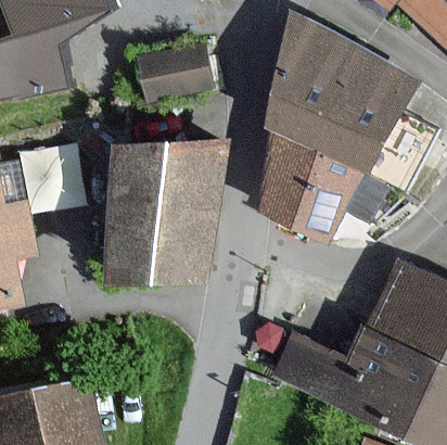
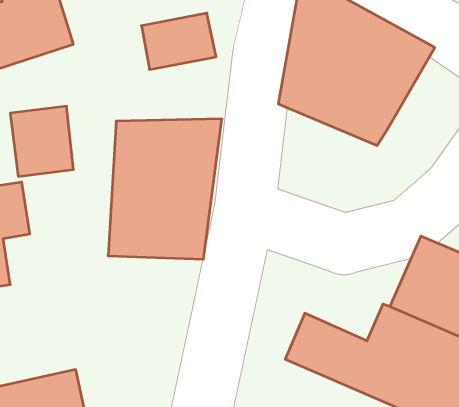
building: [257,132,386,240] -> none

